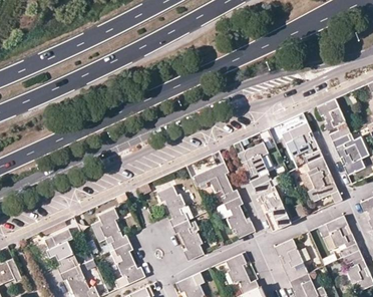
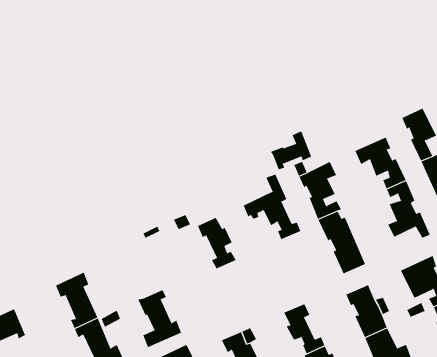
building: none -> [270,131,312,170]
building: [224,197,255,238] -> none
building: [92,208,130,250] -> none
building: [172,220,204,261] -> none

